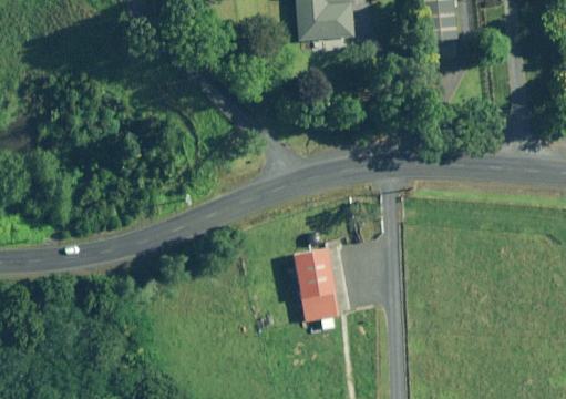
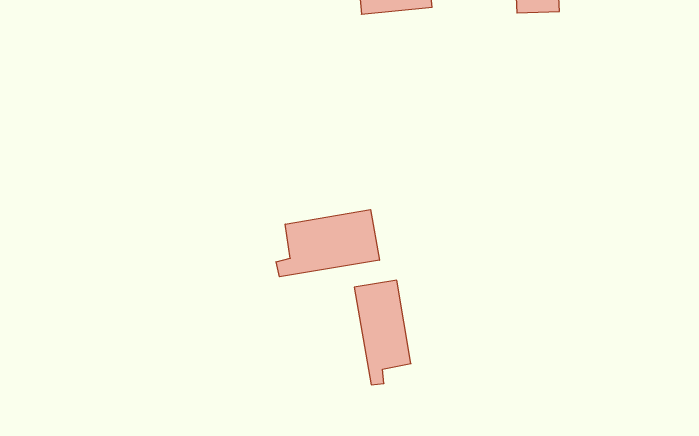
building: none -> [276,210,379,277]

